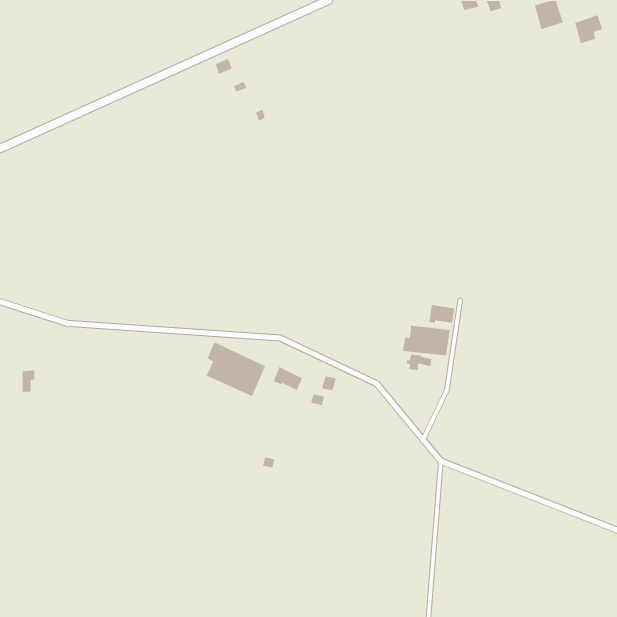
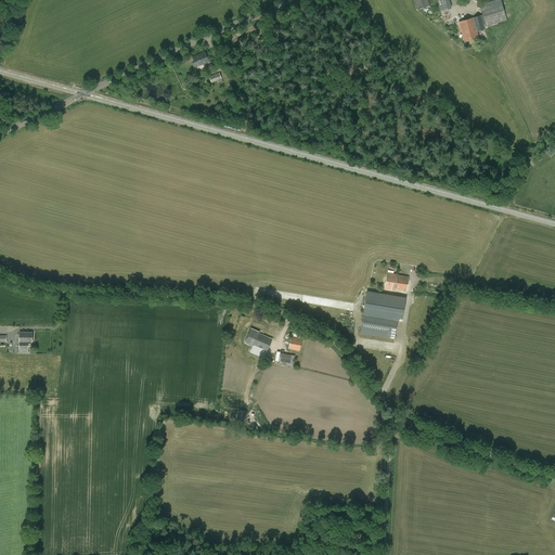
building: [574,14,603,44] -> [459,15,485,42]
building: [206,341,266,397] -> none

